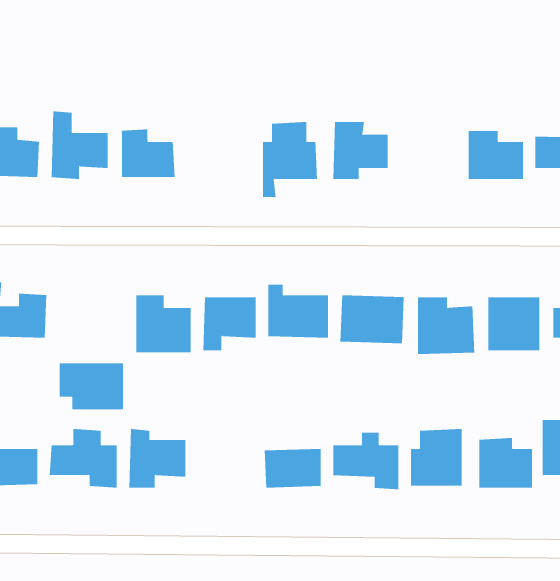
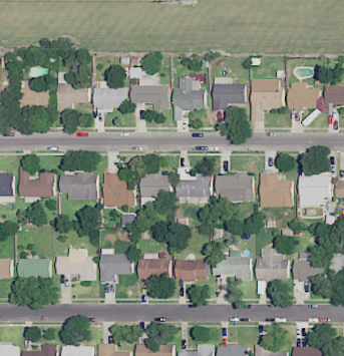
building: none -> [130,77,167,109]
building: none -> [251,79,283,121]
building: [59,363,124,410] -> [60,173,96,200]
building: none -> [138,253,169,279]

